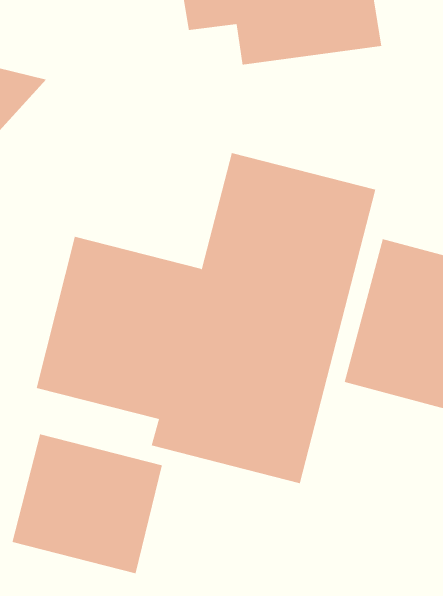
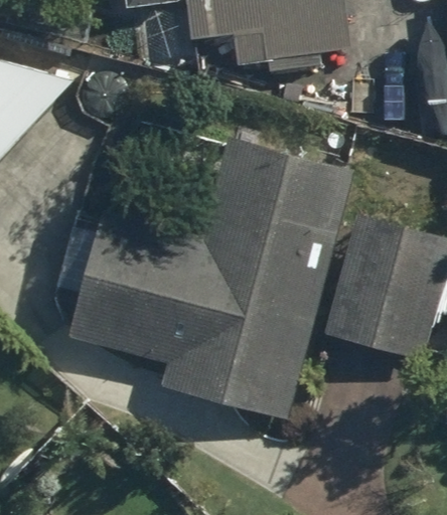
building: [12,434,163,574] -> none

